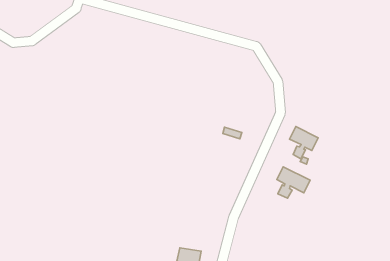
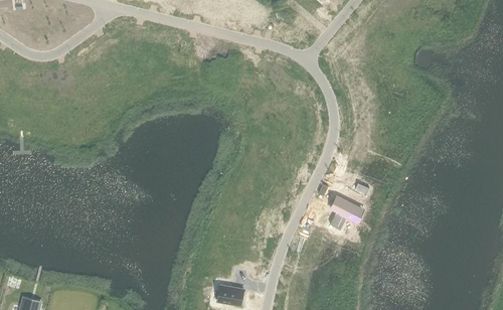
building: [290,127,318,159] -> none

